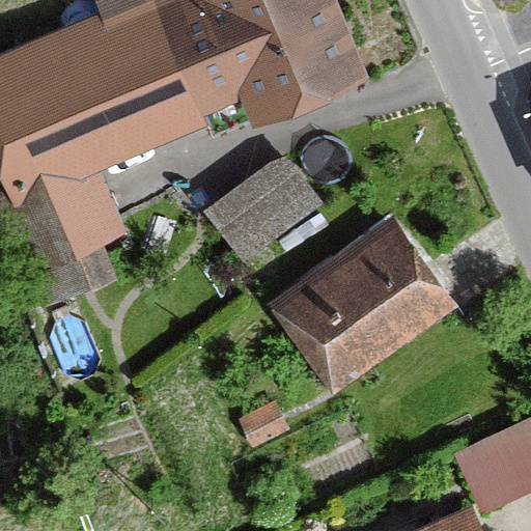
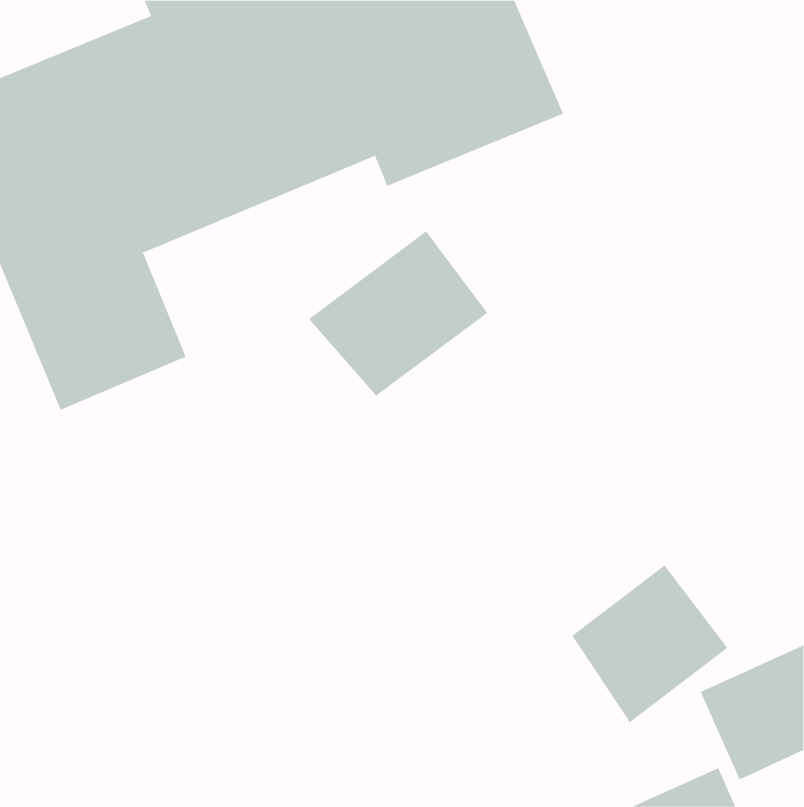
building: [269,218,458,398] -> none
building: none -> [571,565,728,723]

